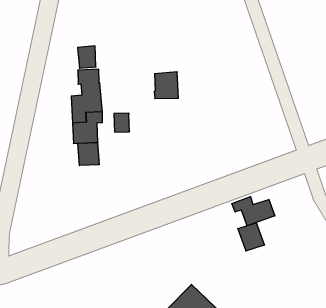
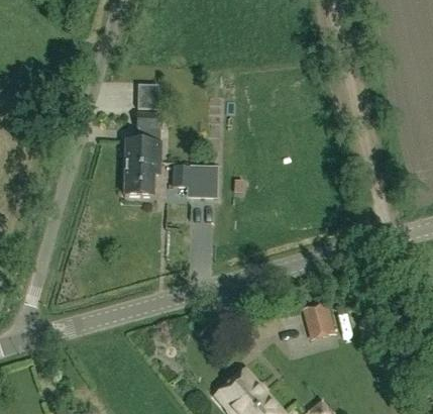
building: [154,72,178,98] -> [189,167,217,197]
building: [78,142,99,166] -> none
building: [232,197,275,226] -> none

